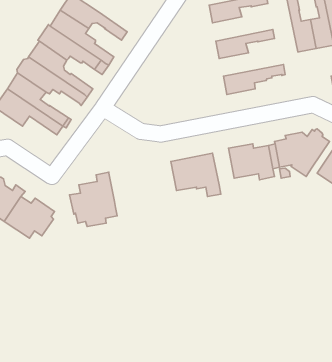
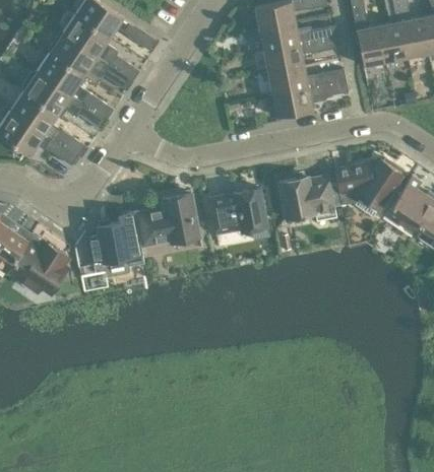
building: none -> [260,22,333,52]
building: none -> [268,66,347,94]
building: none -> [134,193,200,247]

